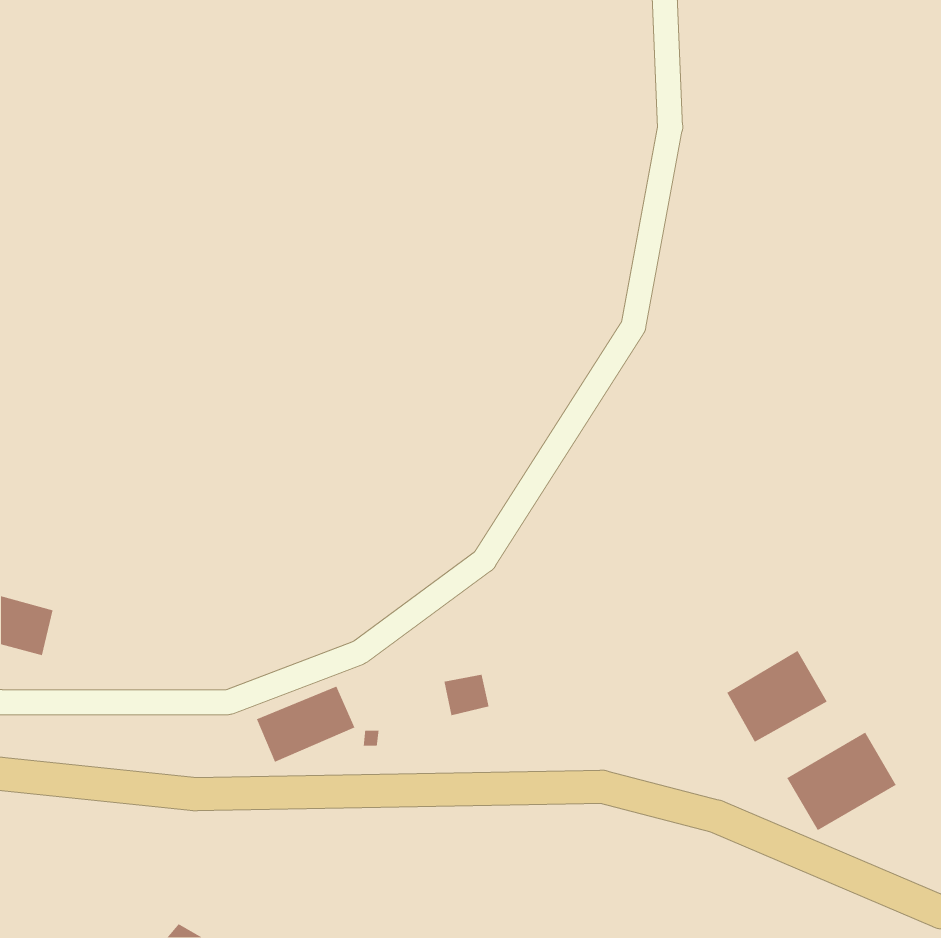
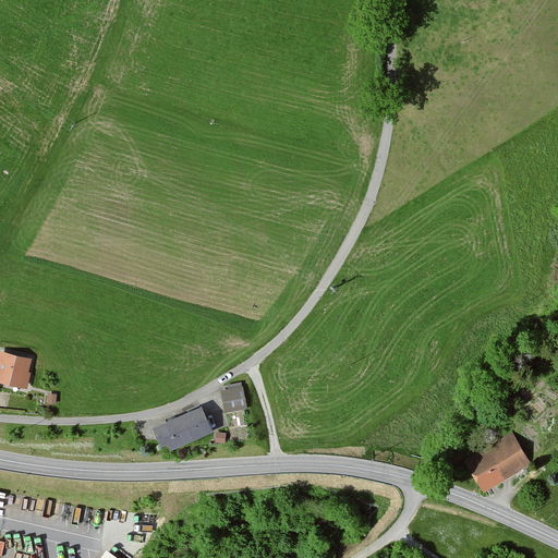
building: [726,650,828,743] -> none
building: [443,674,489,716] -> [220,387,247,412]

